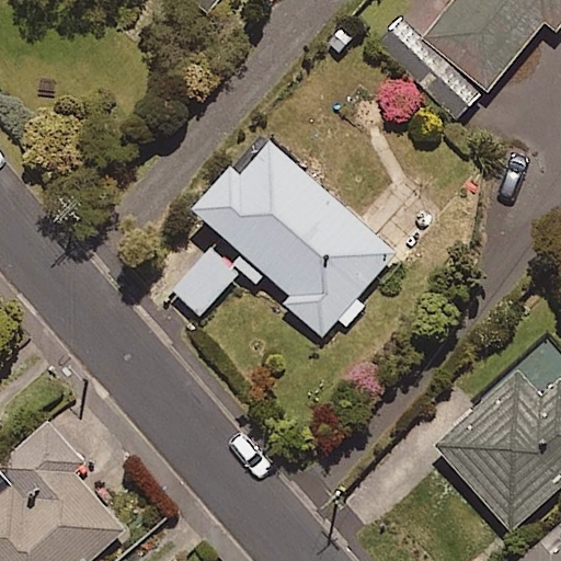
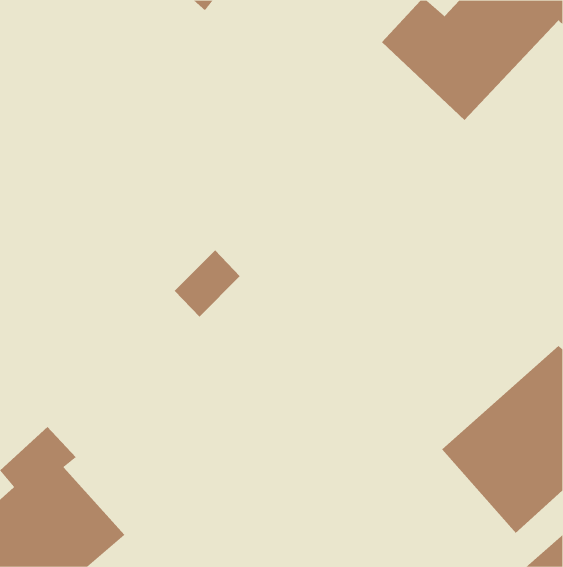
building: [194,138,398,336] -> none

